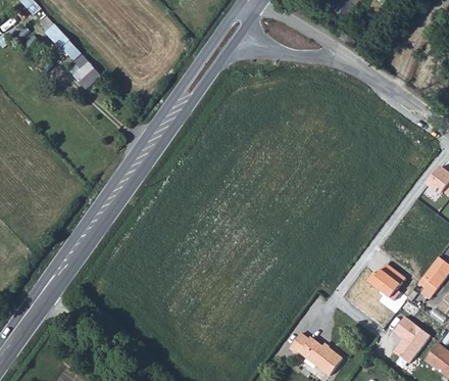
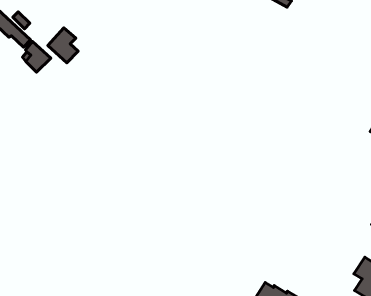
building: none -> [48,28,78,63]
building: [365,259,408,303] -> none

